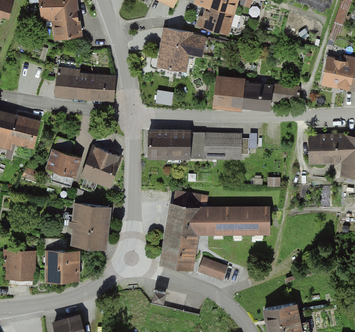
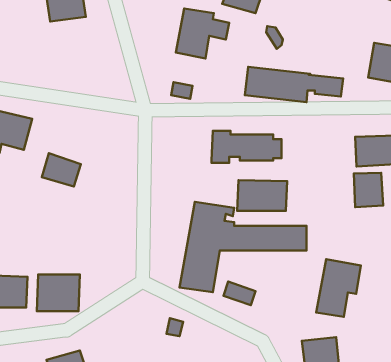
building: [55,72,115,102] -> none
building: [148,130,190,156] -> [237,180,287,211]
building: [80,147,121,188] -> none
building: none -> [354,173,383,207]
building: [71,207,109,249] -> none
building: none -> [316,259,361,317]

